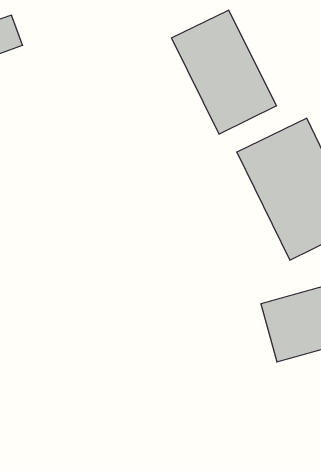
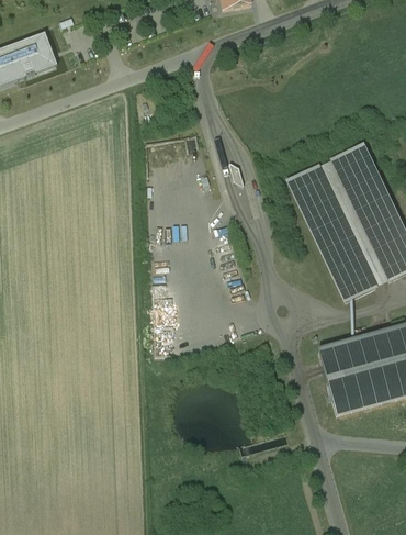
building: [172,10,276,134] -> none

